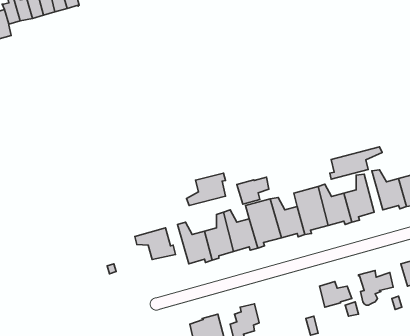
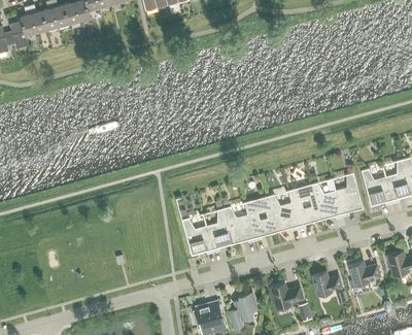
building: [330,147,382,179] -> none
building: [186,173,226,206] -> none
building: [237,177,269,204] -> none
building: [135,228,176,259] -> none
building: none -> [271,283,303,309]

